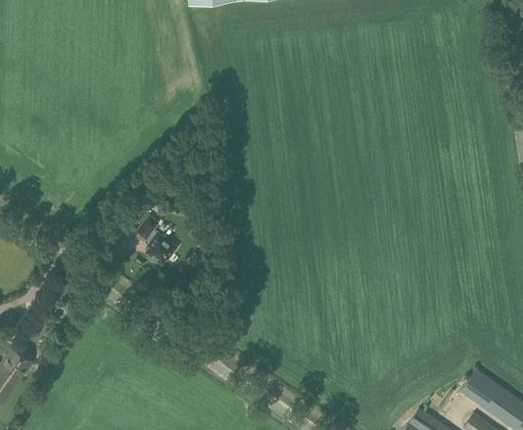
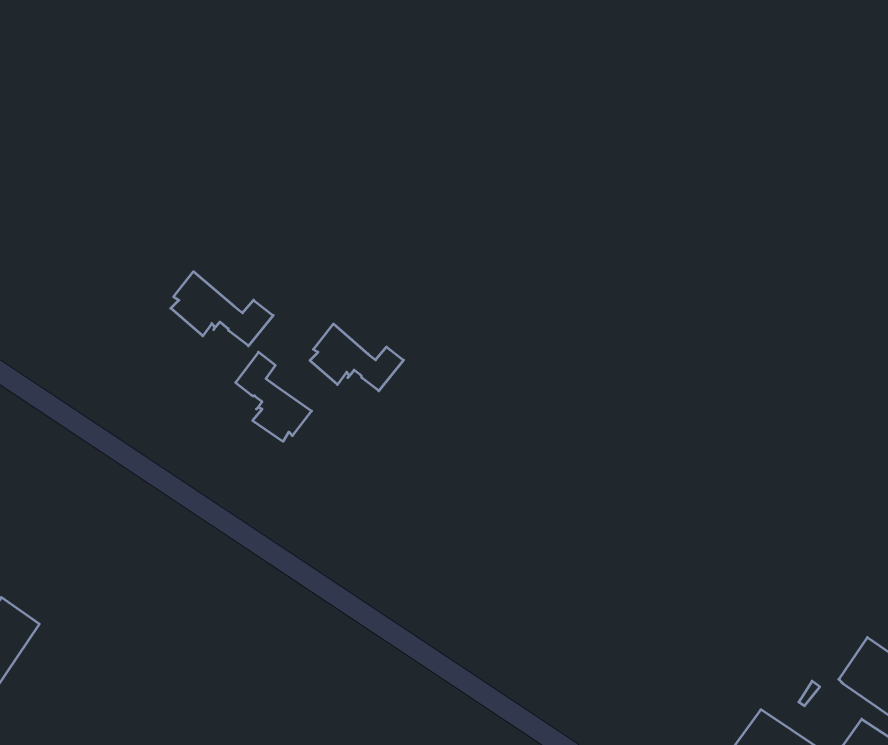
building: none -> [171,272,273,346]
building: none -> [310,324,404,391]

